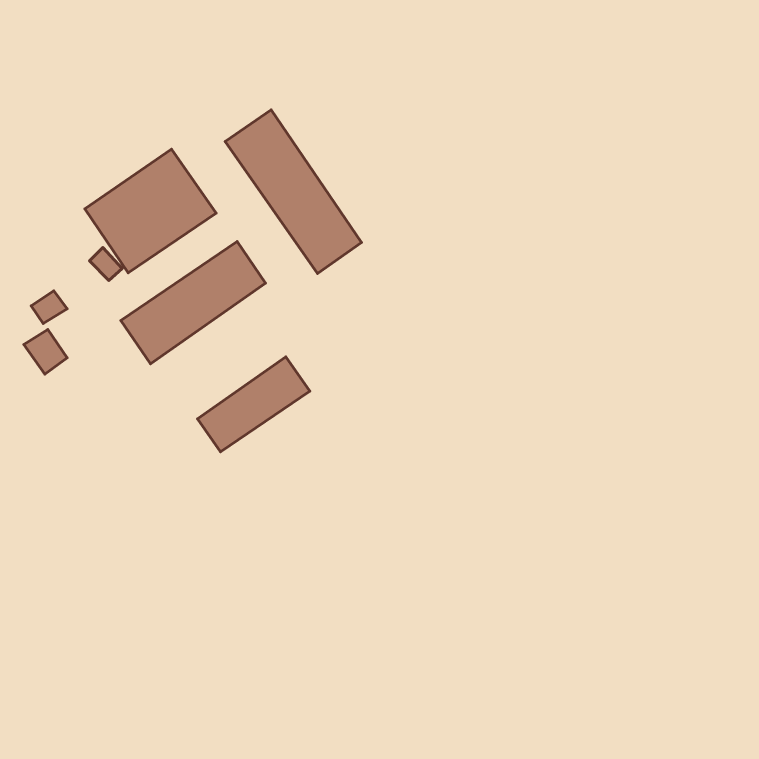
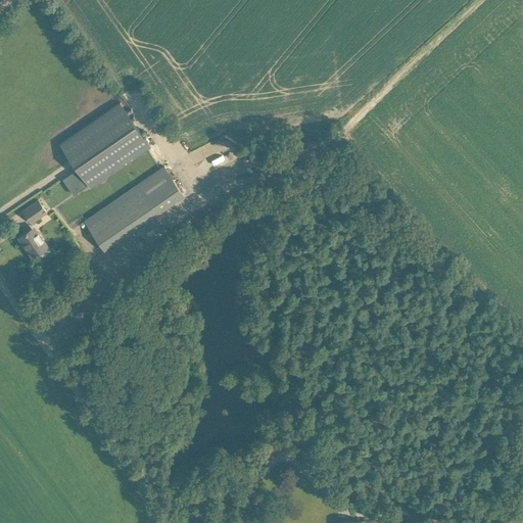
building: [225,110,361,273] -> none
building: [198,357,310,452] -> none

